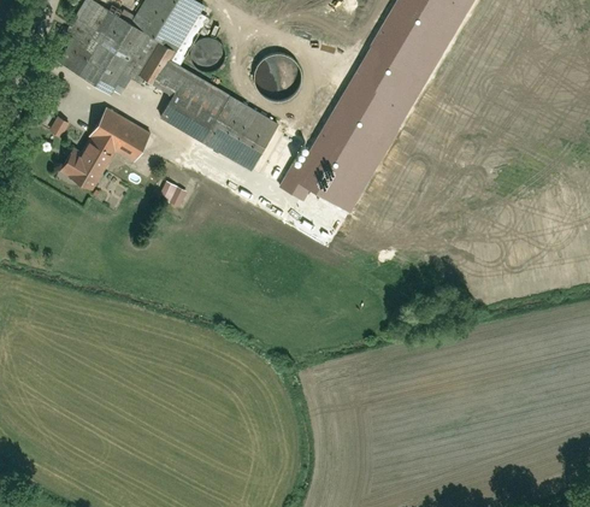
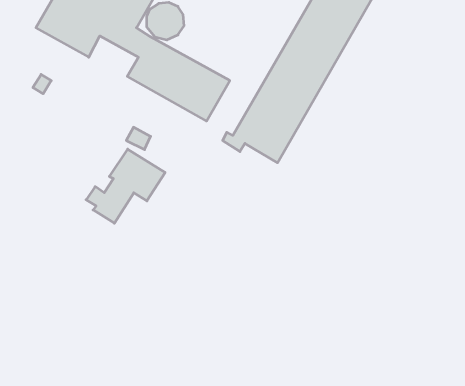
building: [258,55,302,100] -> none
building: [61,105,155,193] -> [86,149,165,223]

